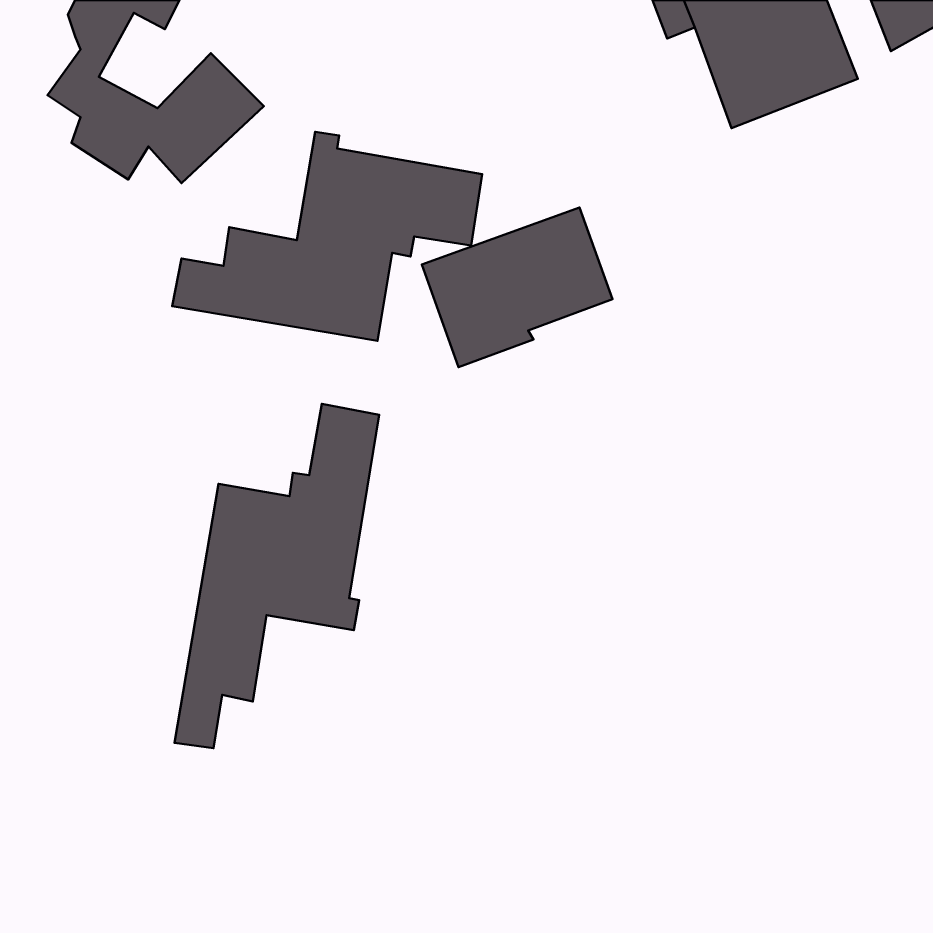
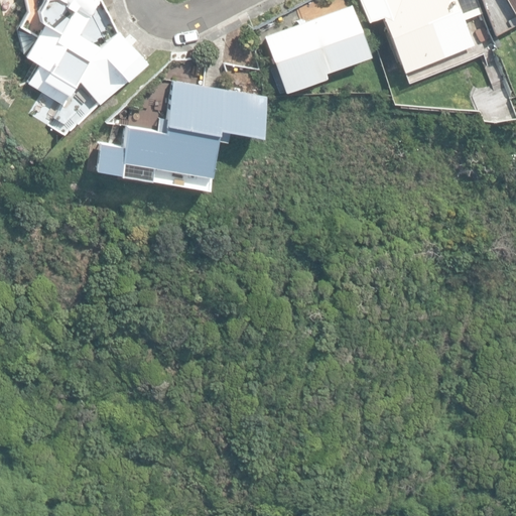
building: [422,208,612,367] -> [266,6,371,94]
building: [174,404,379,748] -> none

